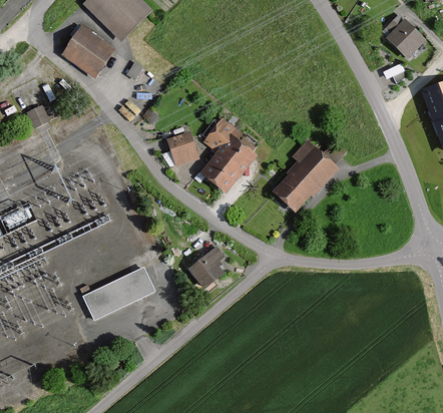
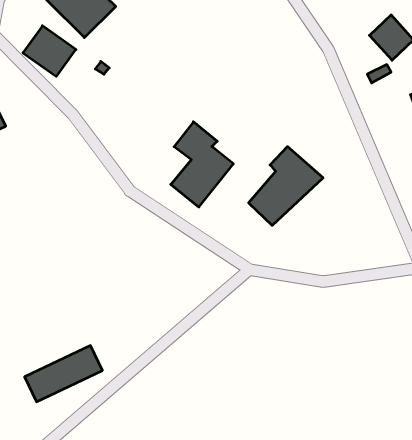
building: [167,130,199,167] -> none
building: [187,244,227,292] -> none
building: [82,267,154,319] -> [25,346,102,402]

